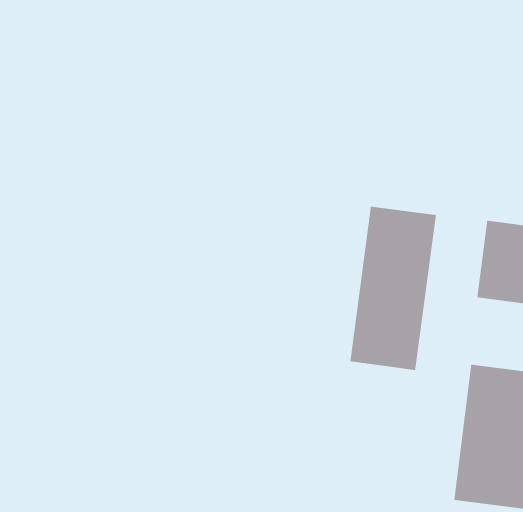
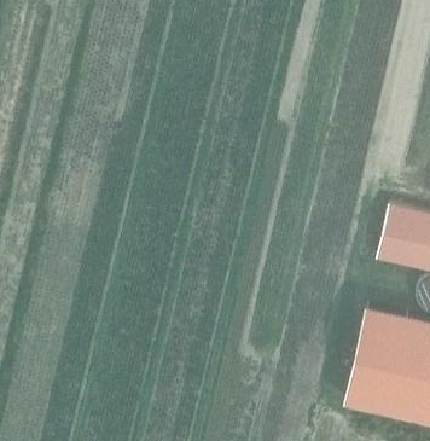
building: [350,206,436,371] -> none

